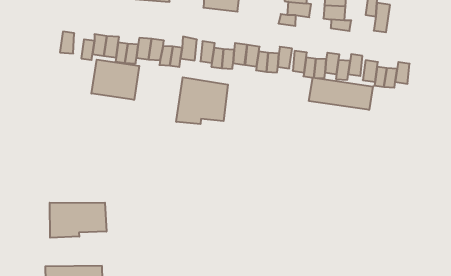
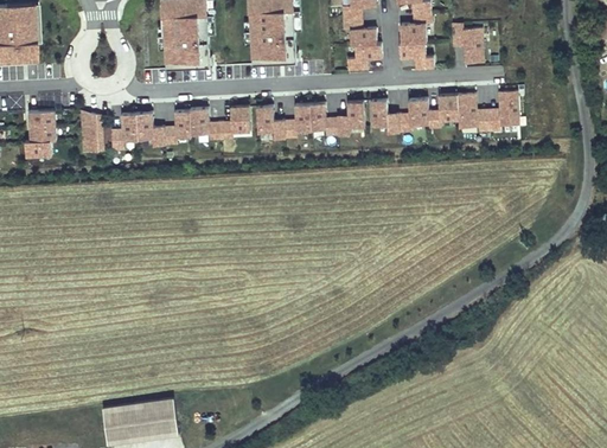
building: none -> [26,104,57,152]
building: [91,60,139,100] -> none
building: [176,77,228,124] -> none
building: [309,78,373,110] -> none
building: [50,203,106,238] -> none

